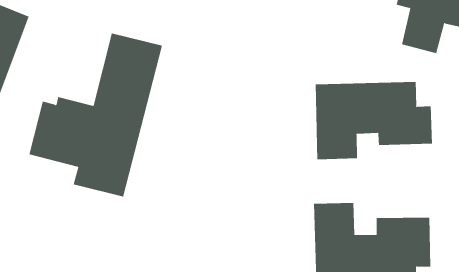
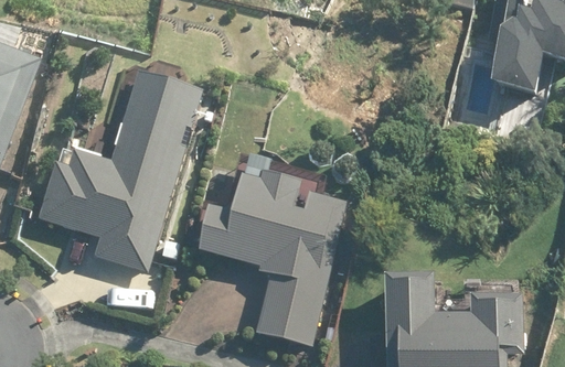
building: [315,81,433,160] -> none
building: none -> [200,171,349,343]

